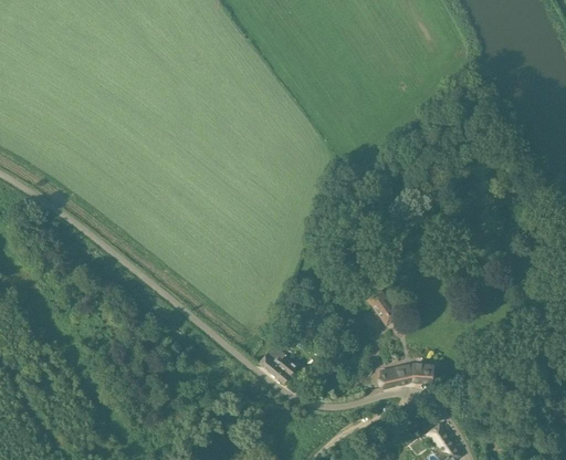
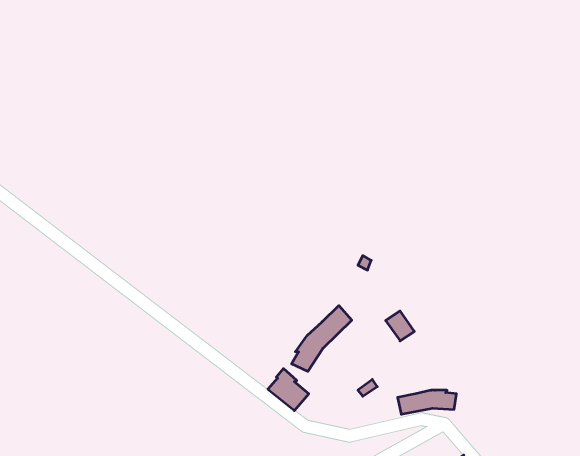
building: none -> [292,306,352,371]

